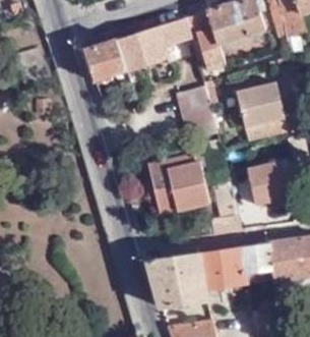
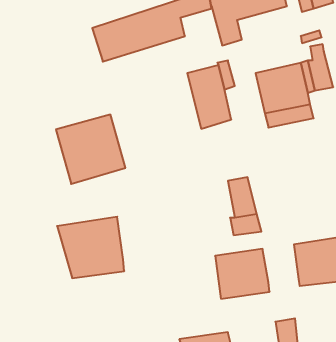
building: [147,152,208,213] -> [56,115,125,184]
building: [247,160,290,204] -> none
building: [242,242,273,276] -> none
building: [147,252,206,306] -> [57,217,124,278]

